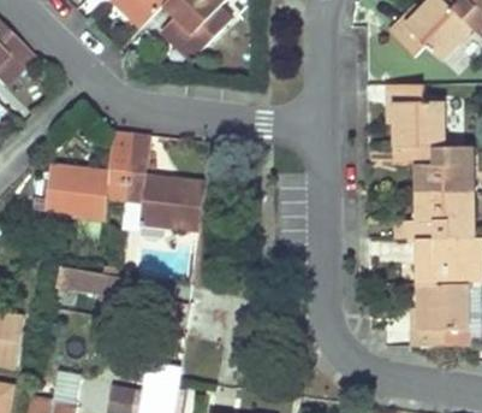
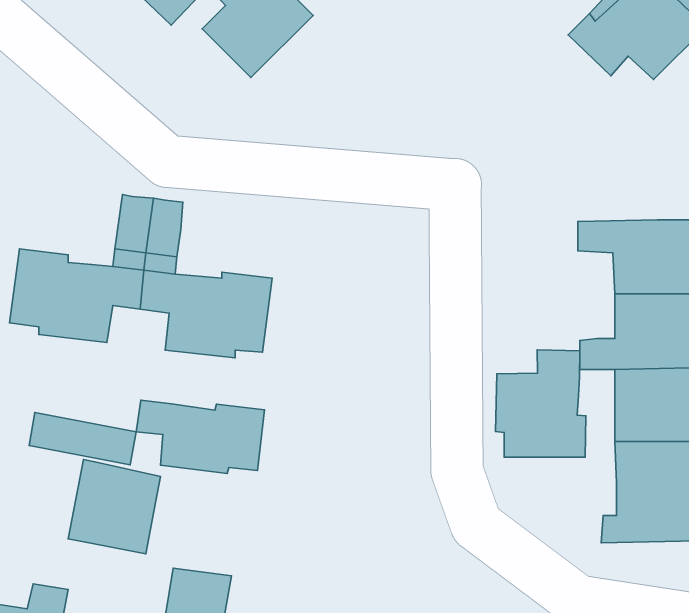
building: [386,84,444,147] -> none
building: none -> [496,350,586,457]
building: none -> [136,400,264,474]
building: none -> [68,460,161,554]

